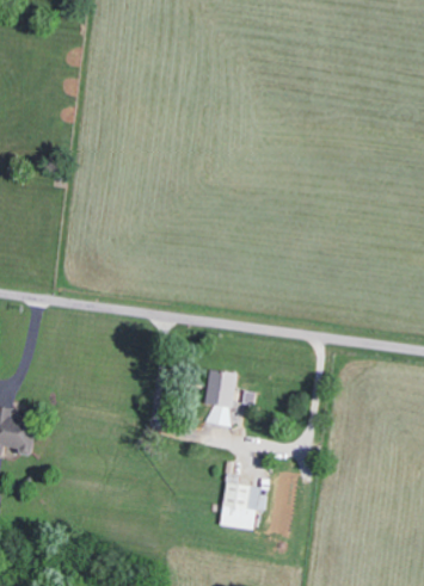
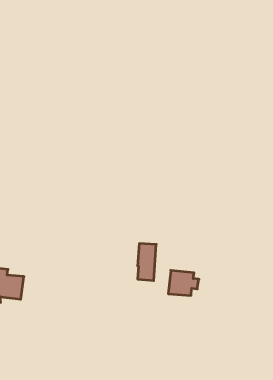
building: [222,482,268,519] -> [168,270,199,295]

